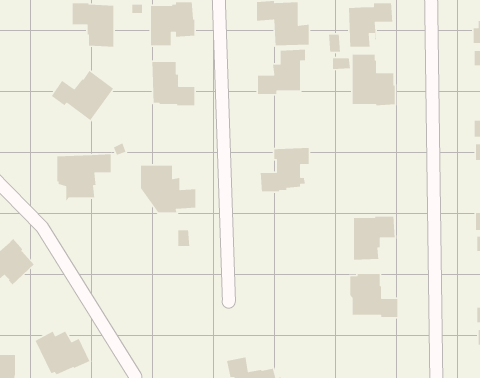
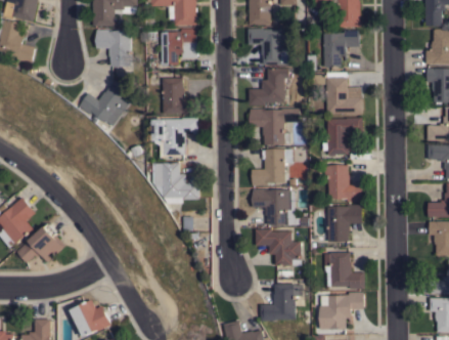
building: none -> [250,109,299,144]
building: none -> [321,118,362,156]
building: [57,153,111,203] -> [152,118,197,159]
building: none -> [324,165,362,202]
building: none -> [252,188,295,224]
building: none -> [256,228,301,265]
building: none -> [261,284,302,321]
building: none -> [319,292,364,329]

